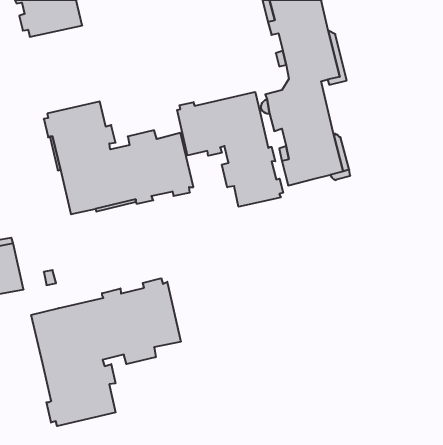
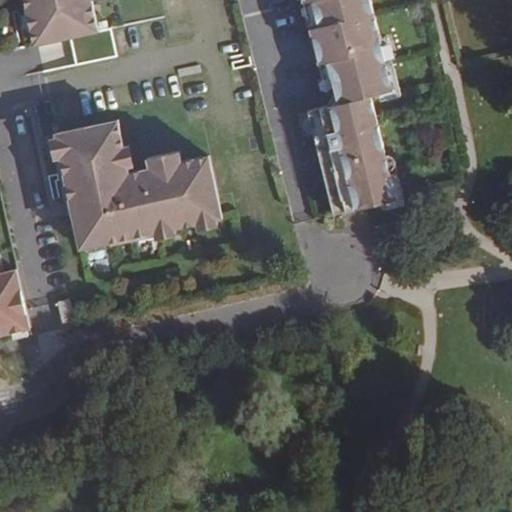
building: [177,92,283,207] -> none
building: [31,278,181,426] -> none

